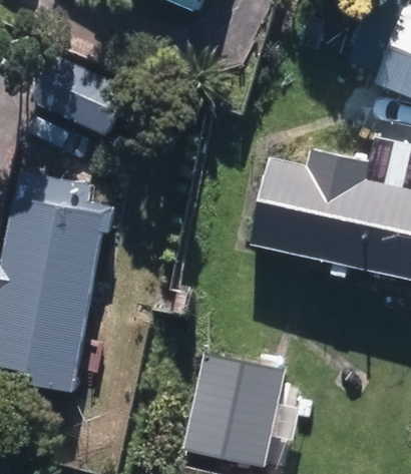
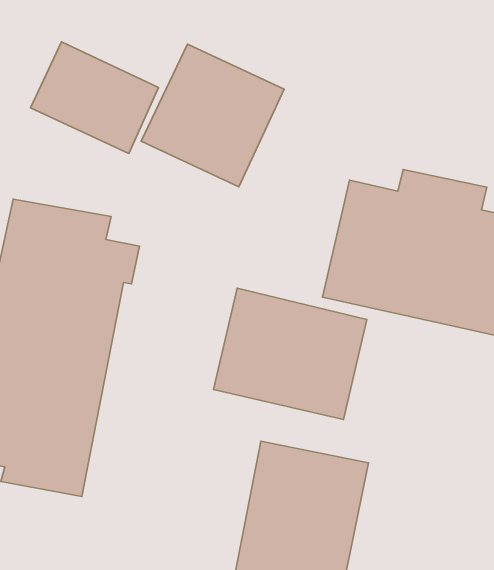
building: none -> [141,44,284,187]
building: none -> [213,288,367,420]

